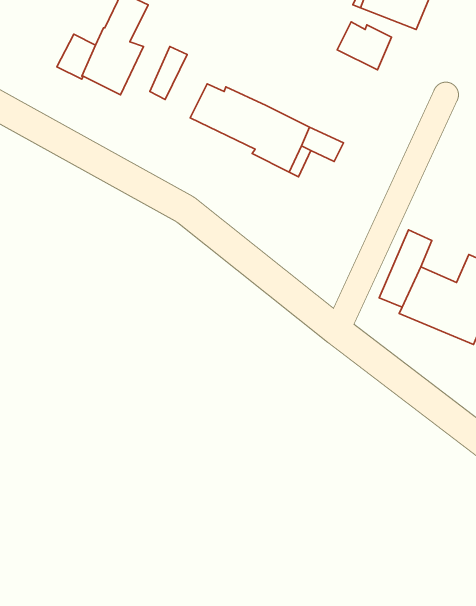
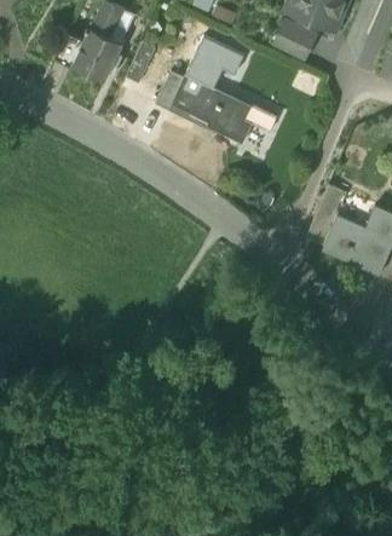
building: none -> [186,38,246,90]

